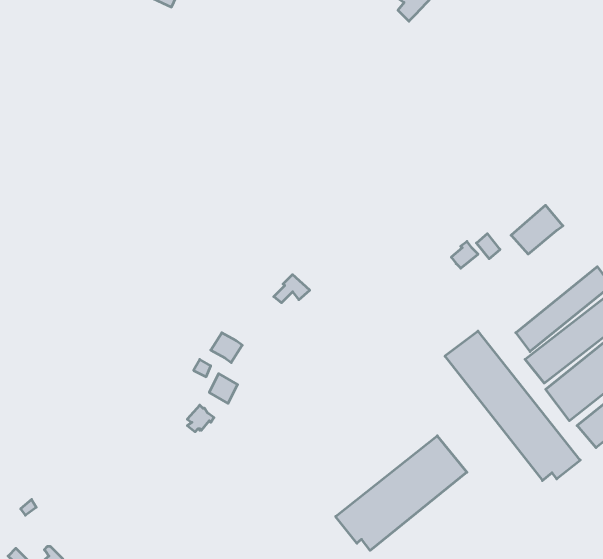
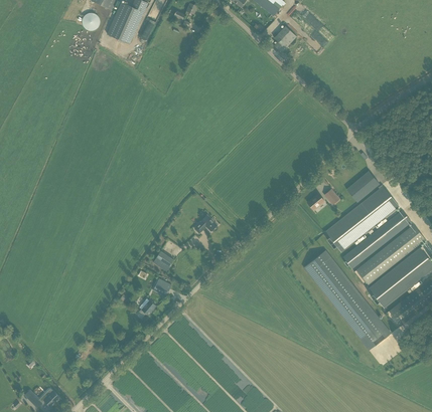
building: none -> [323,185,398,251]
building: [336,436,467,550] -> none

